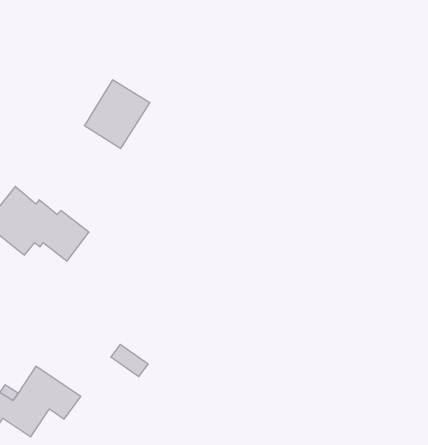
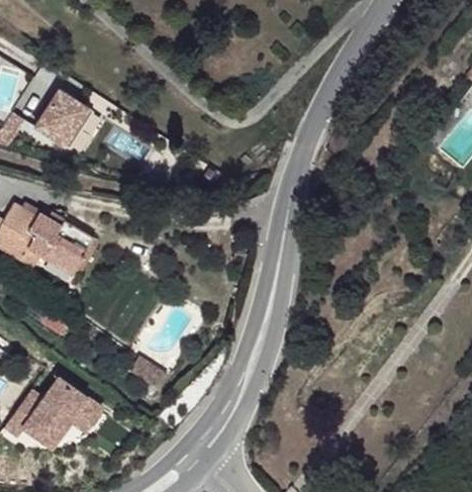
building: [84,80,150,148] -> [28,83,92,150]

